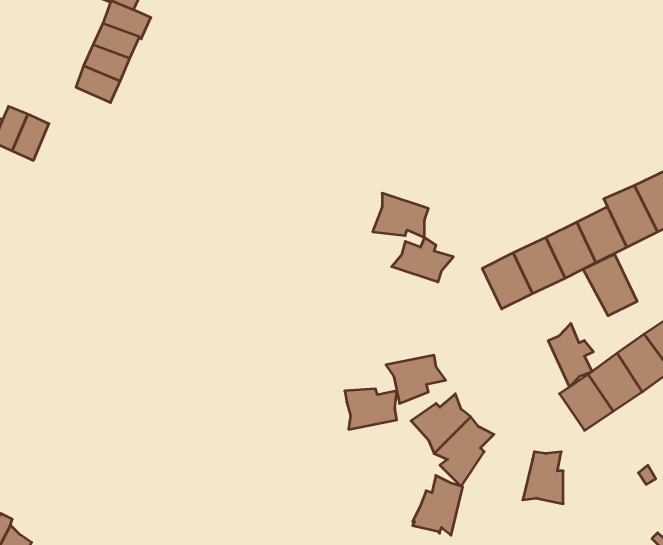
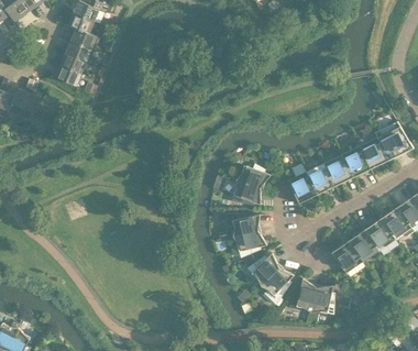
building: [373,193,428,238] -> [231,179,263,205]
building: [583,254,637,316] -> none
building: [548,323,593,387] -> none
building: [345,389,397,429] -> [231,212,261,235]
building: [413,475,463,535] -> [289,278,318,312]

